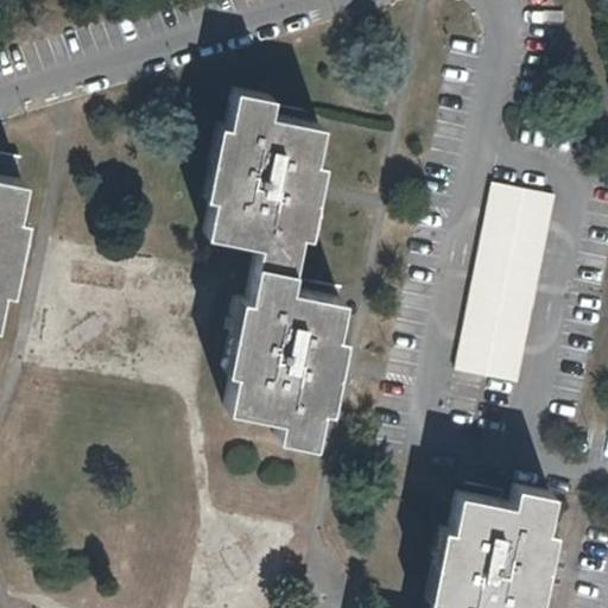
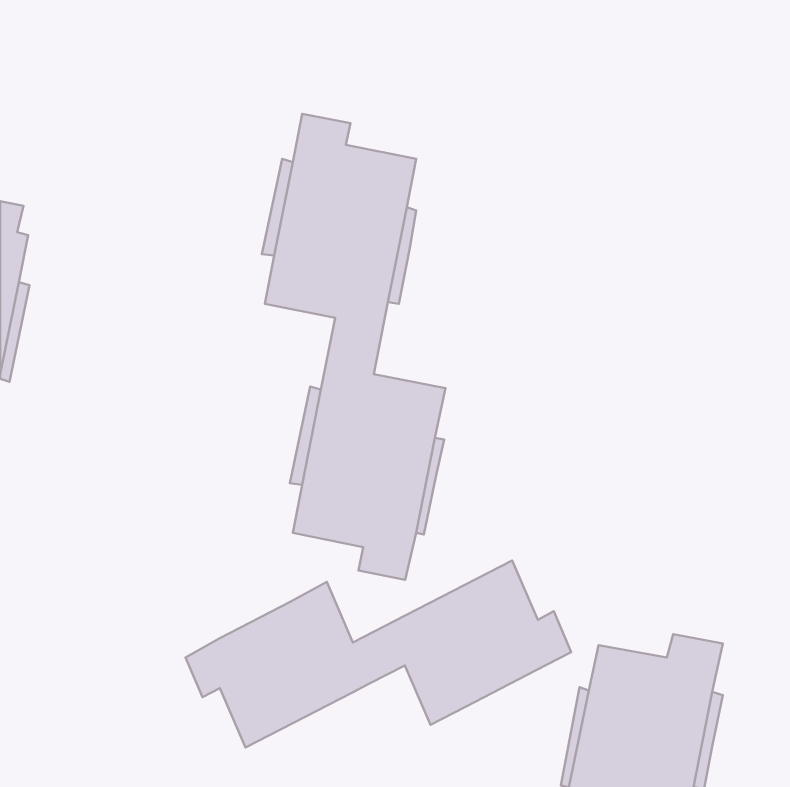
building: [460,191,556,390] -> none
building: none -> [186,560,571,748]

